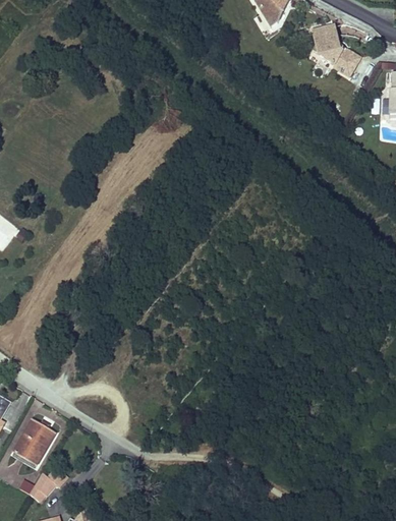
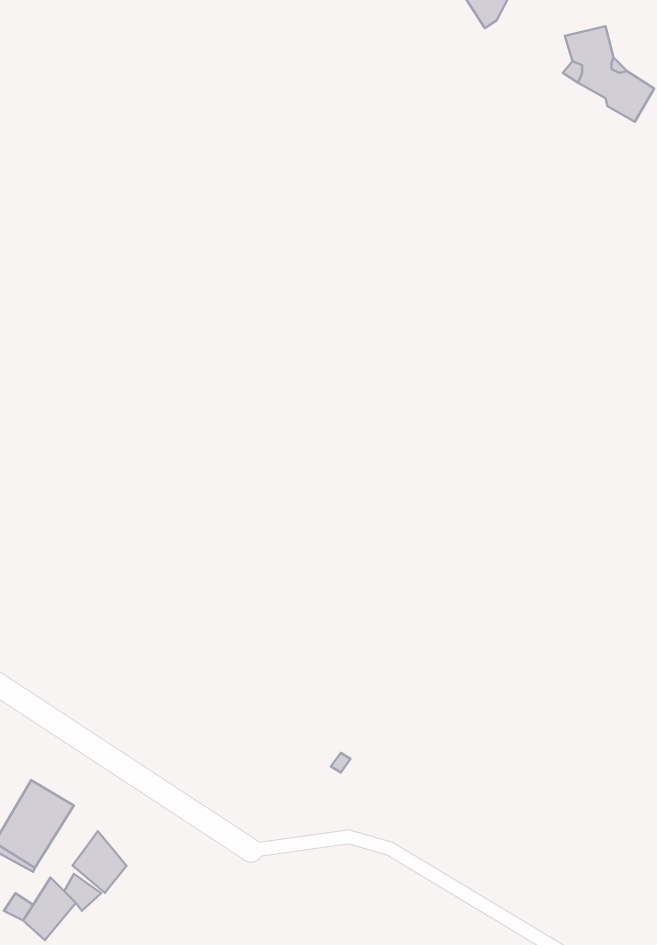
building: none -> [72,831,126,893]

